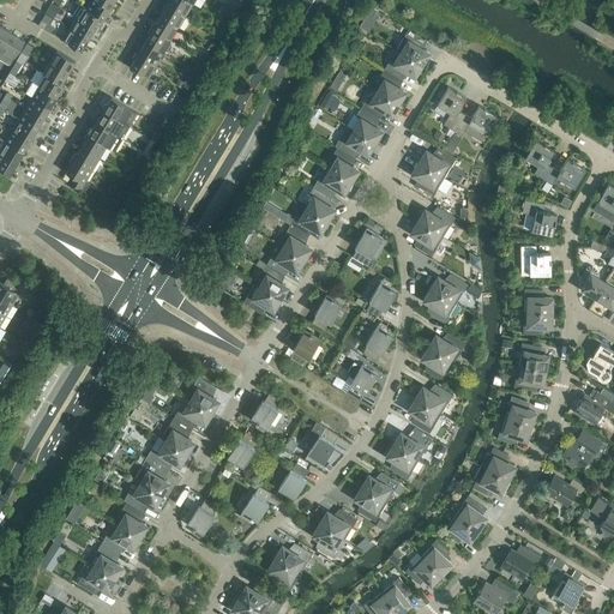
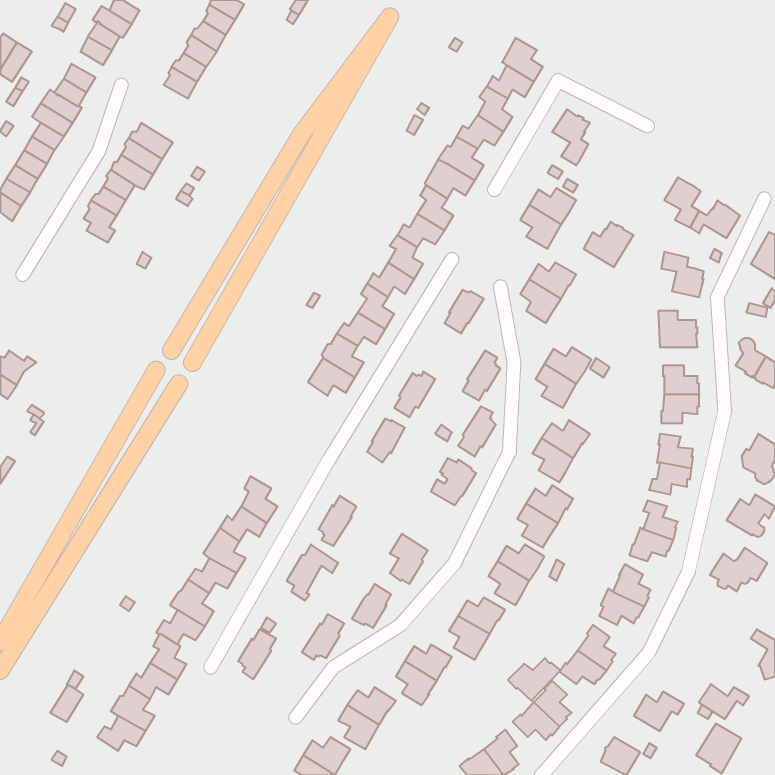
building: [458,106,498,142] -> [584,222,634,267]
building: [546,476,585,504] -> [699,684,749,719]
building: none -> [508,658,561,701]

